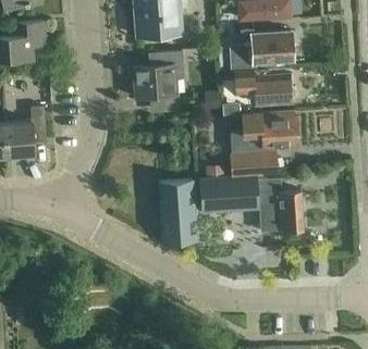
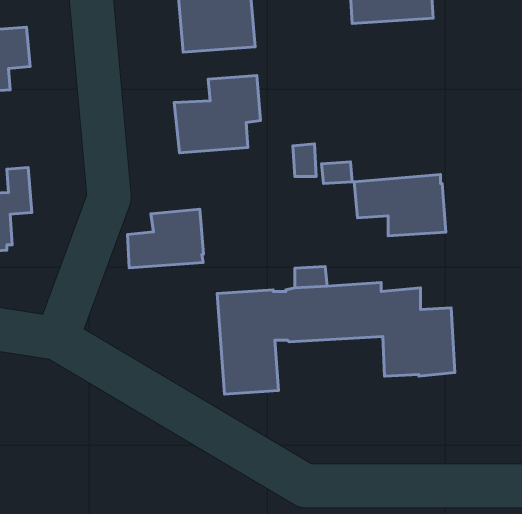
building: [242,28,293,62] -> none
building: [236,70,295,103] -> none
building: none -> [127,209,203,268]
building: [231,151,277,175] -> none

